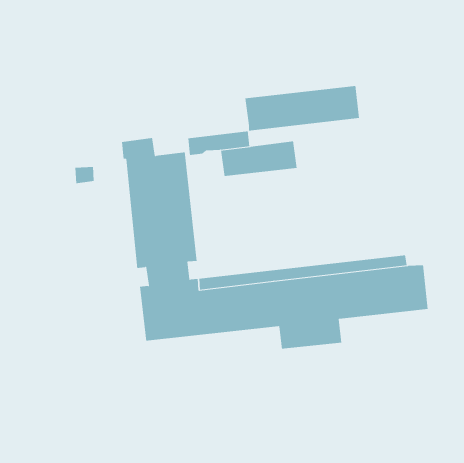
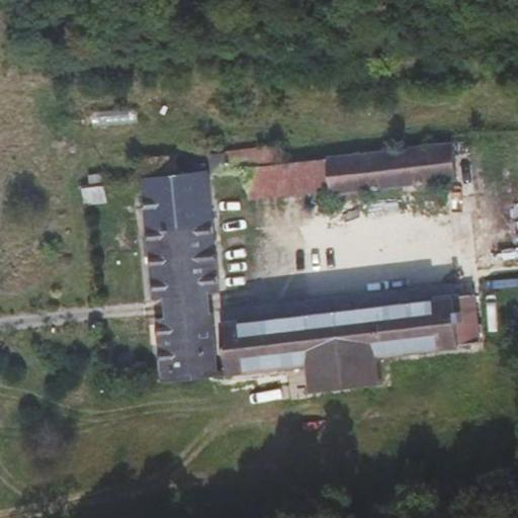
building: [244,86,360,131] -> [327,145,455,195]

